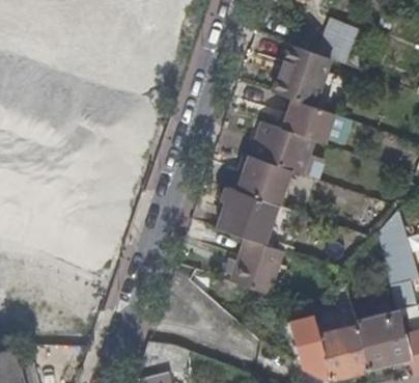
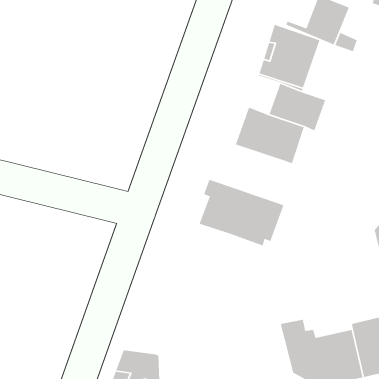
building: [236,155,291,204] -> none
building: [230,238,283,294] -> none

